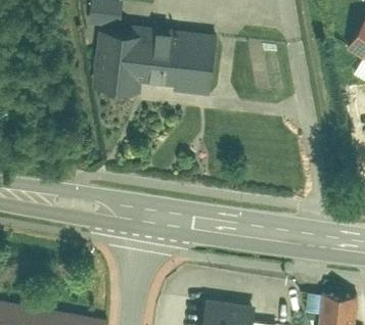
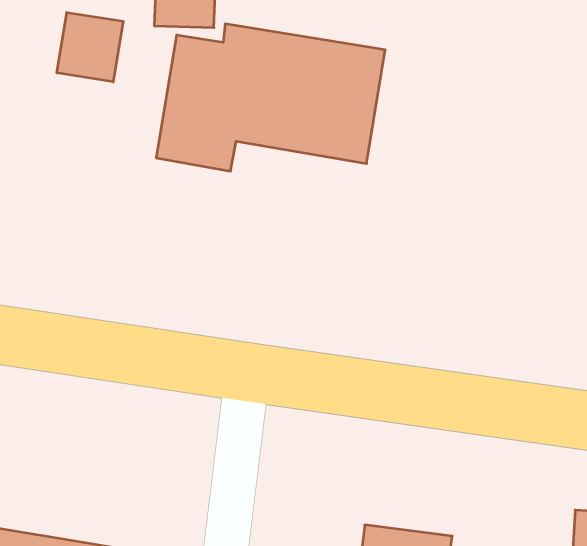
building: none -> [57,12,123,82]

